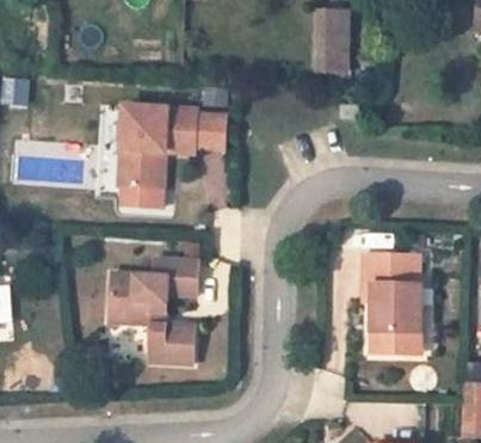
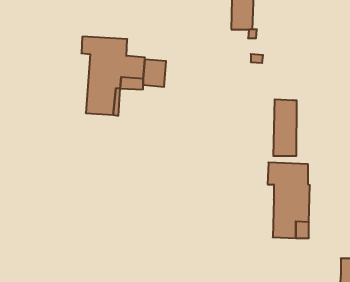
building: none -> [273,99,297,156]
building: [109,260,198,365] -> none

